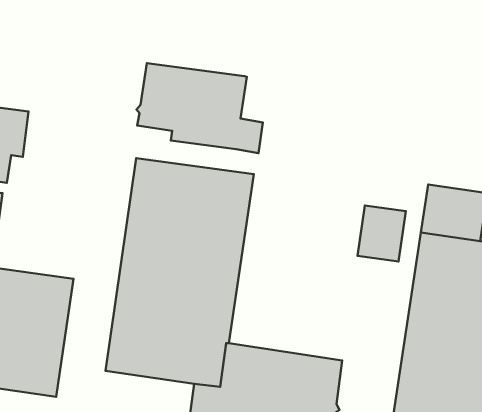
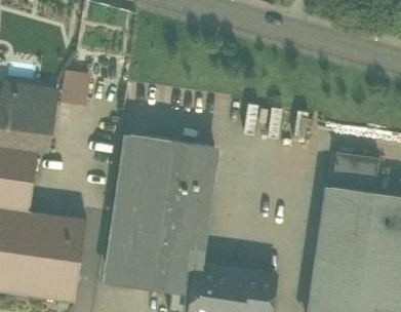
building: [136,63,263,153] -> none
building: none -> [61,70,90,105]
building: [357,205,406,262] -> none

